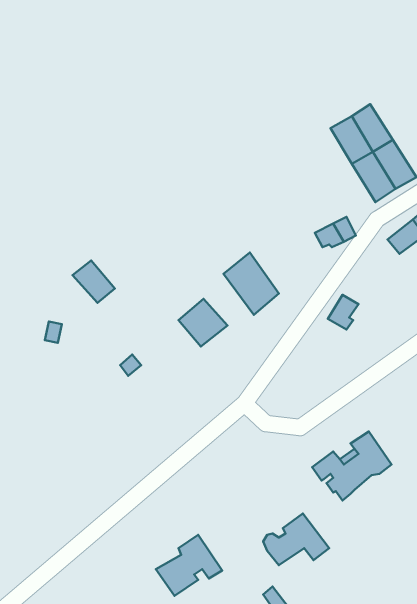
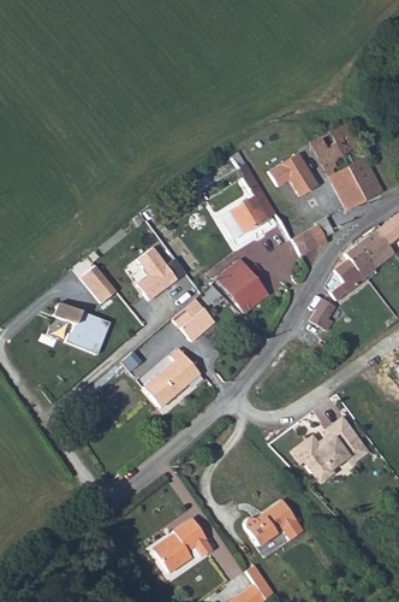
building: none -> [266,153,316,196]
building: none -> [226,164,274,234]
building: none -> [137,244,178,299]
building: none -> [335,246,382,301]
building: none -> [55,301,111,352]
building: none -> [142,349,200,407]

